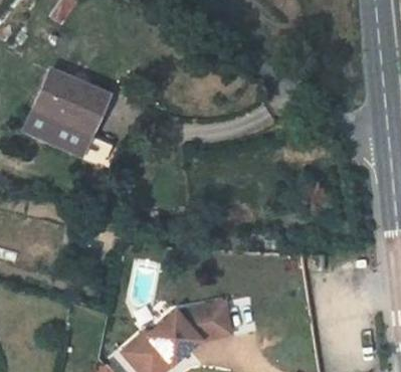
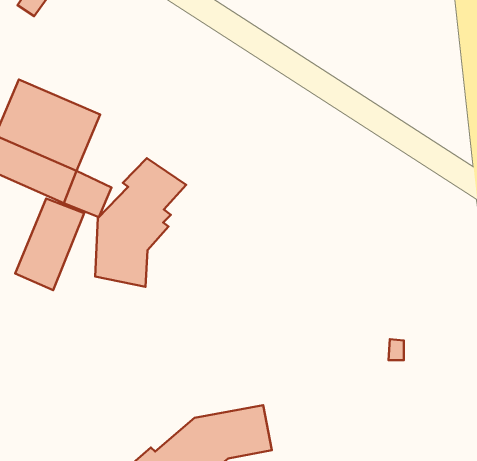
building: none -> [95,158,186,287]
building: none -> [15,199,84,290]

